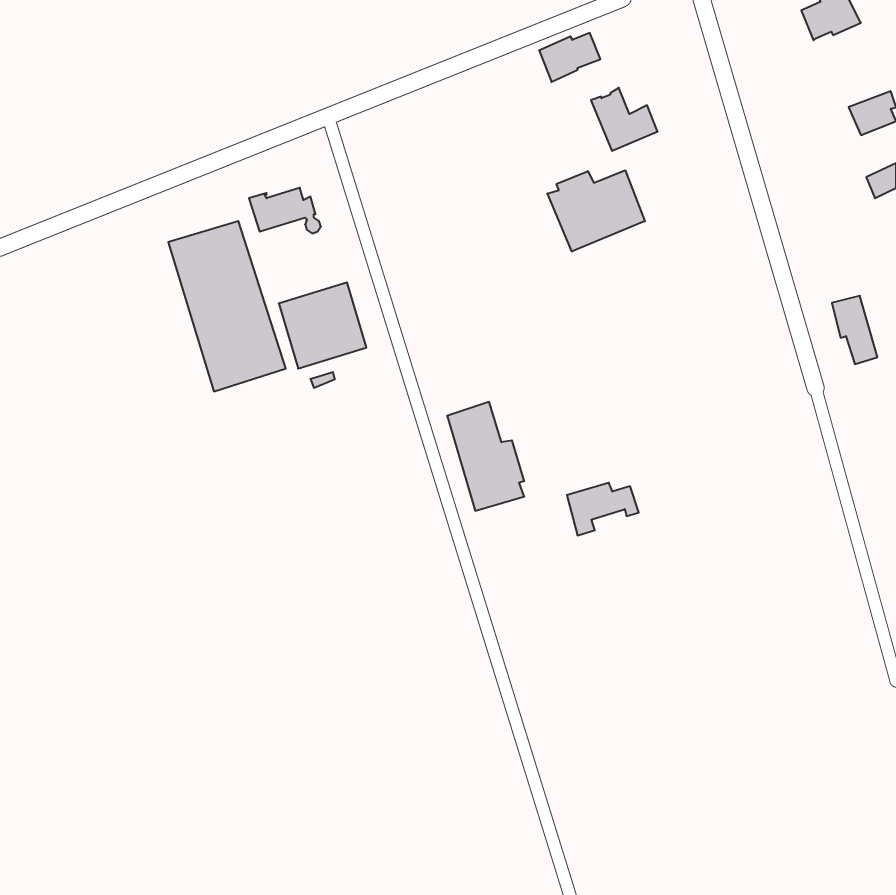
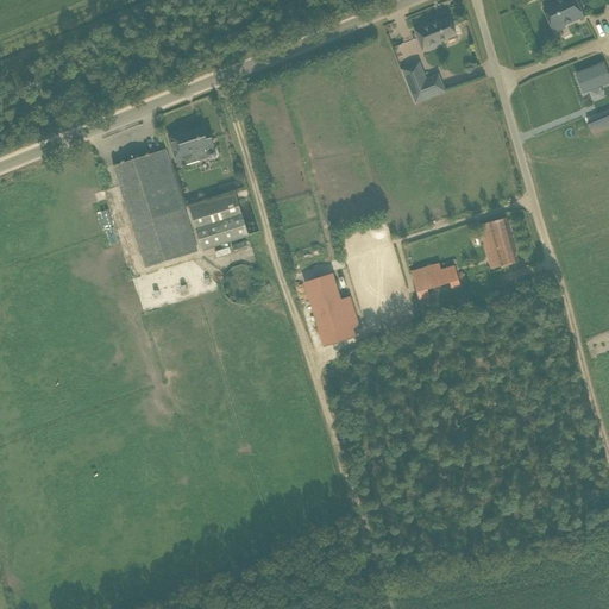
building: [539,33,600,82] -> [415,17,457,50]
building: [547,170,645,252] -> none
building: [832,296,877,364] -> [486,218,517,264]
building: [567,483,639,535] -> [412,263,460,299]

